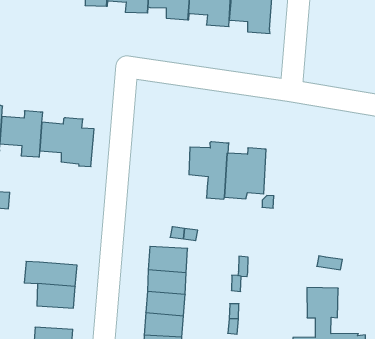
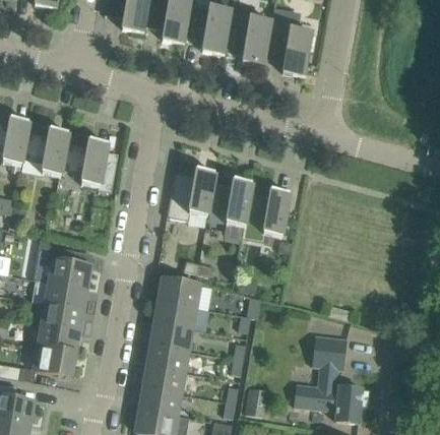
building: none -> [167,170,214,222]
building: none -> [33,240,90,290]
building: none -> [38,326,78,354]

